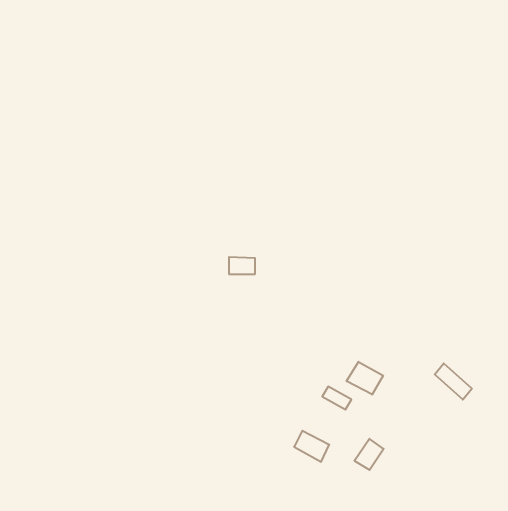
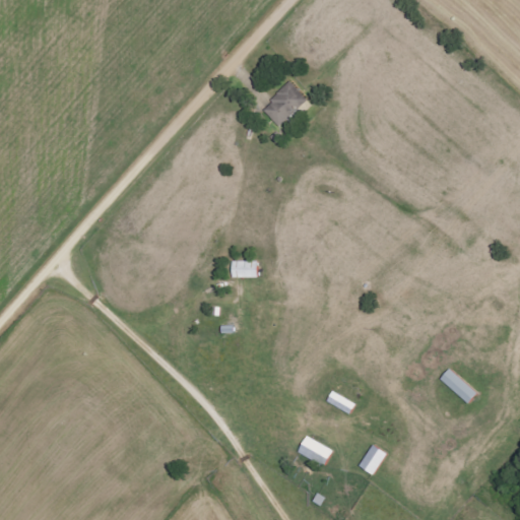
building: none -> [261,82,306,124]
building: [347,362,383,395] -> none

